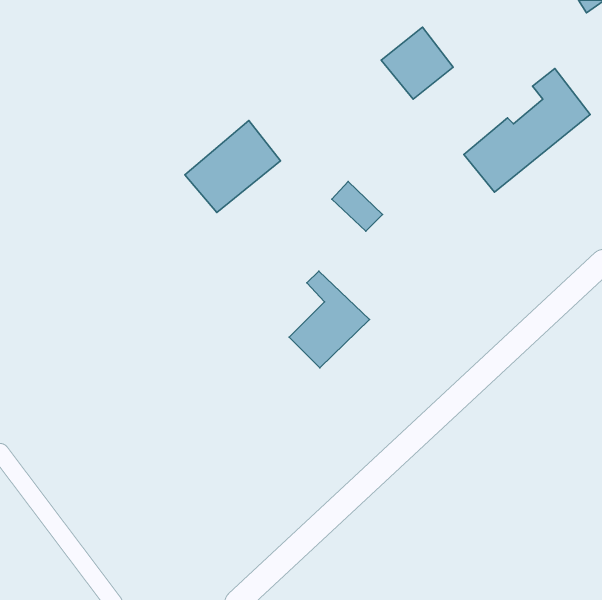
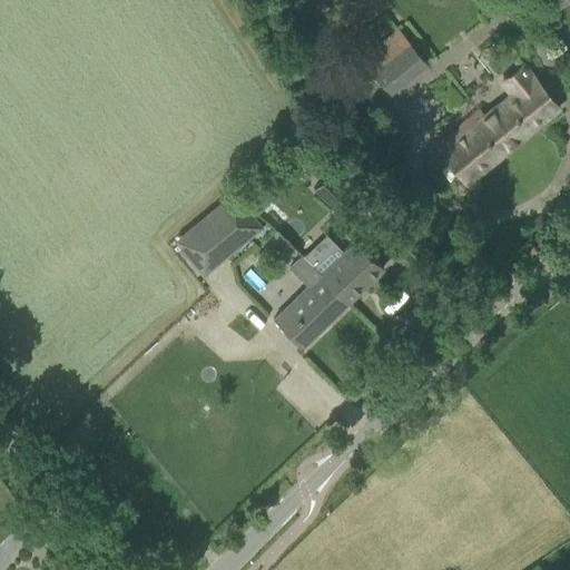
building: [185,121,281,213] -> [174,191,264,278]
building: none -> [302,236,384,304]

